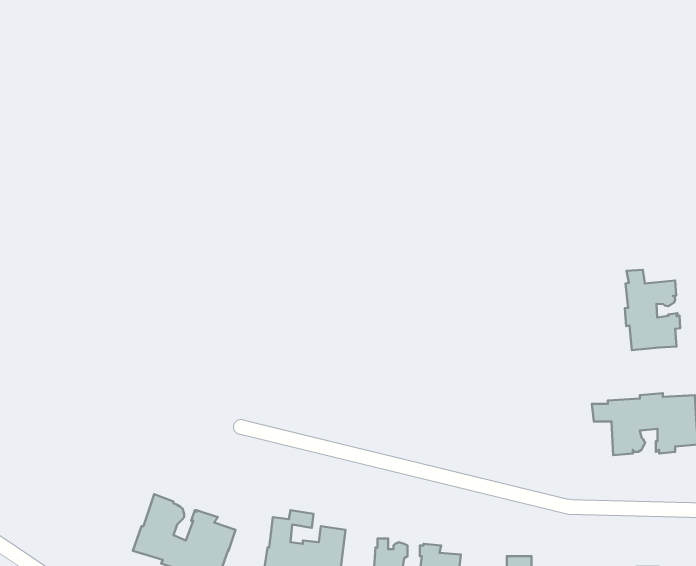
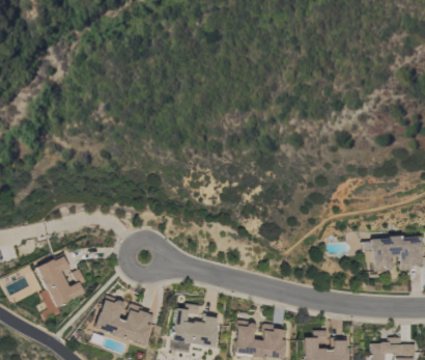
building: [625,270,680,350] -> none
building: none -> [36,254,86,307]

